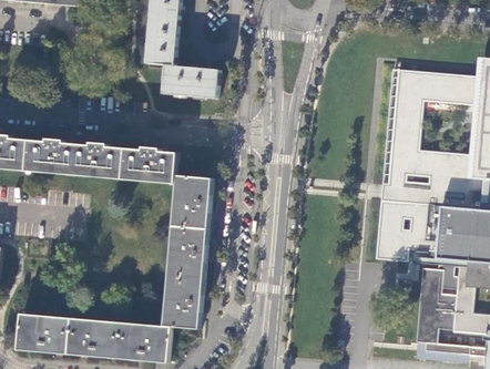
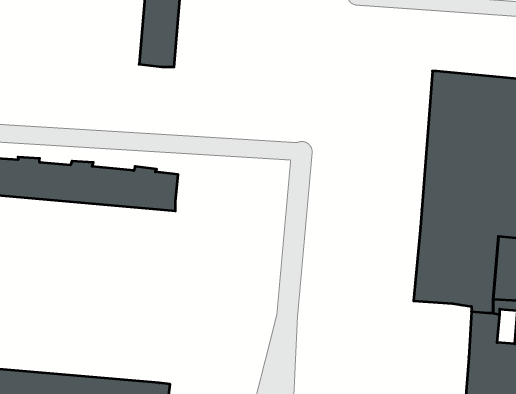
building: [162,64,218,98] -> none
building: [162,175,212,328] -> none

